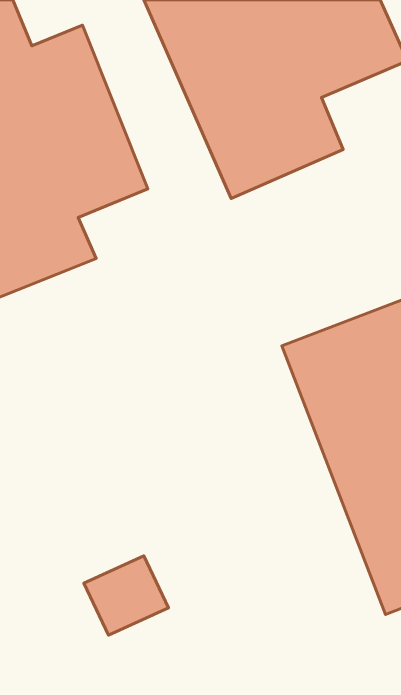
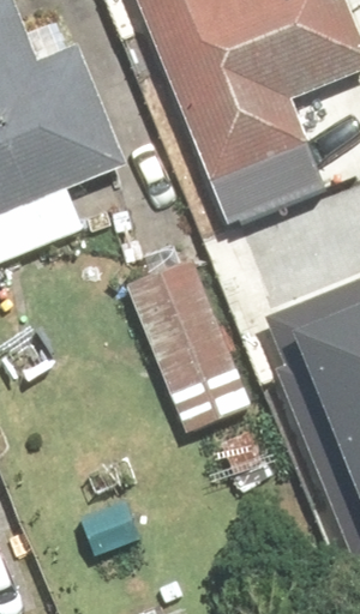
building: none -> [124,253,257,434]

